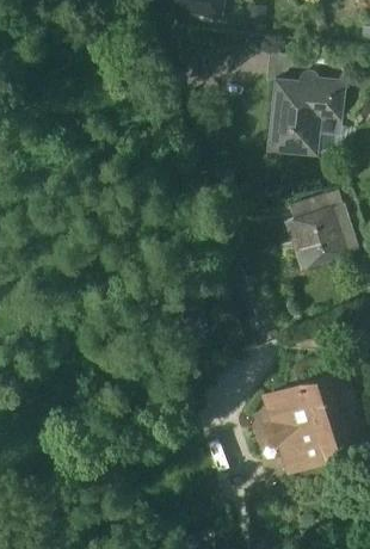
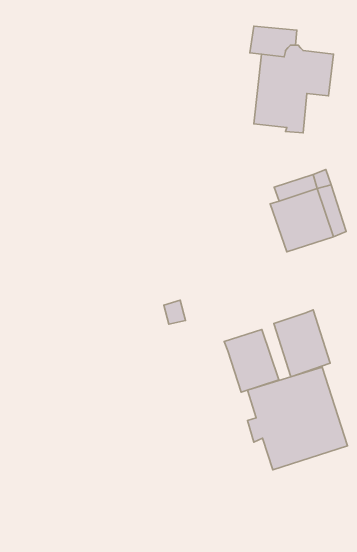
building: none -> [274,310,330,377]
building: none -> [224,329,279,392]

